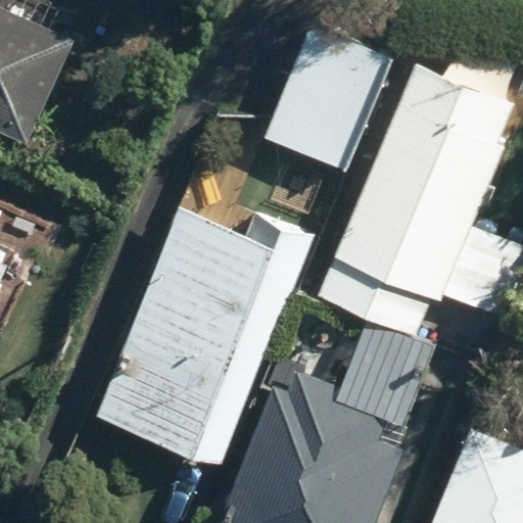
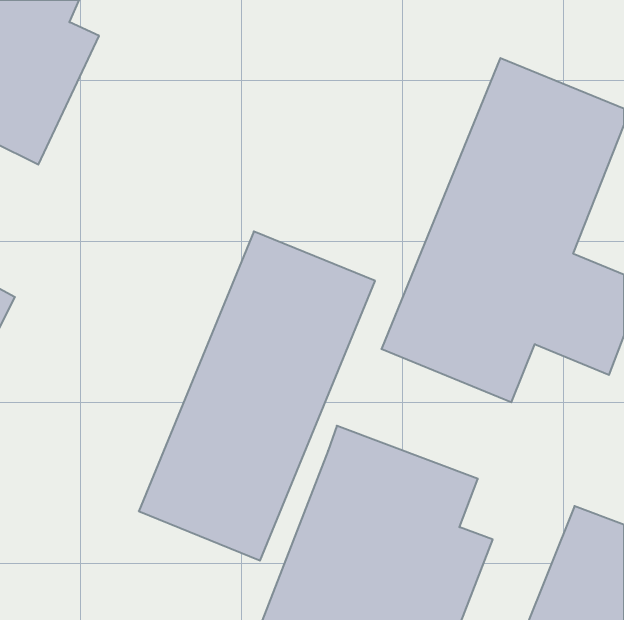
building: [252,19,392,173] -> none

